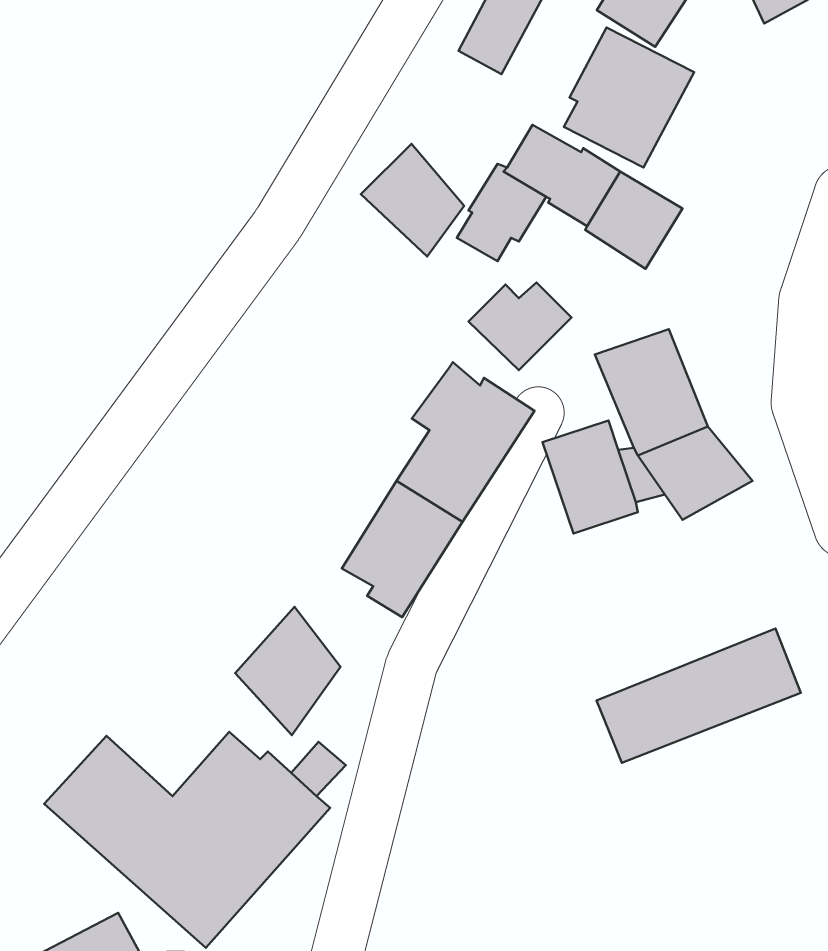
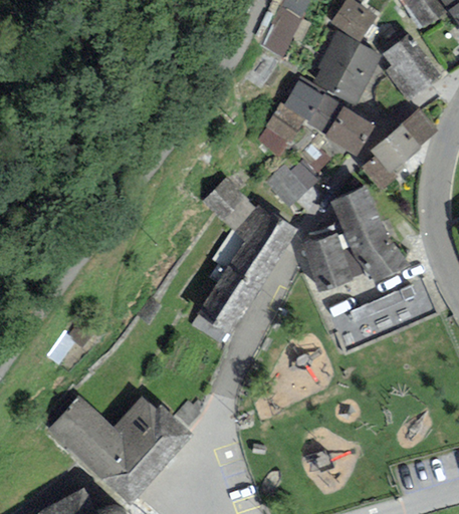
building: none -> [382,35,441,99]
building: [361,144,464,257] -> [201,174,254,232]
building: none -> [361,107,437,190]
building: [235,607,341,735] -> none
building: [596,629,801,763] -> [330,281,436,350]

